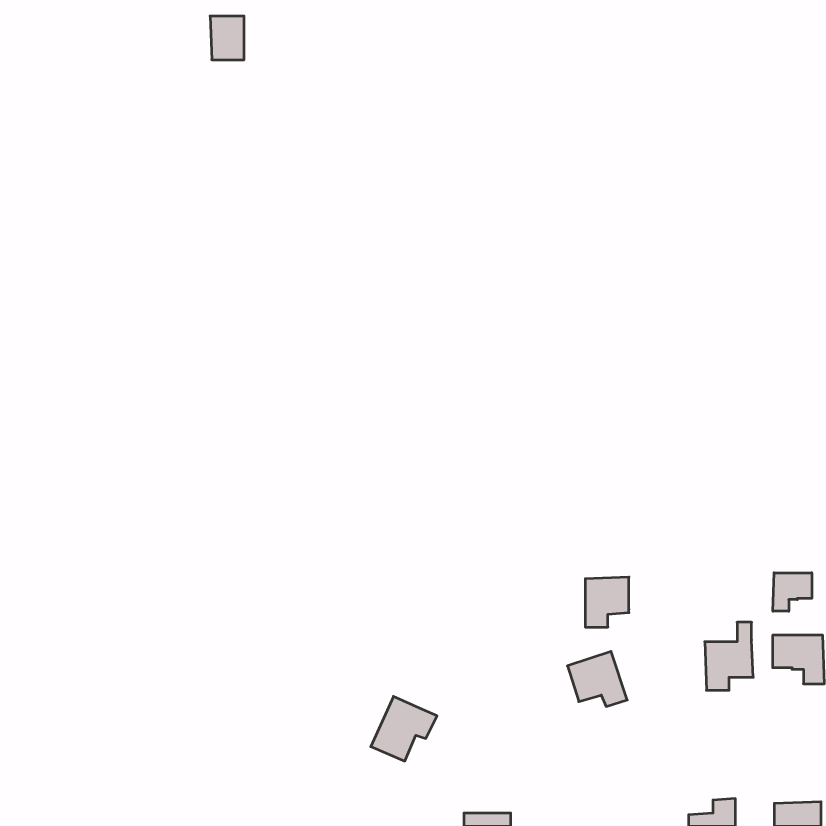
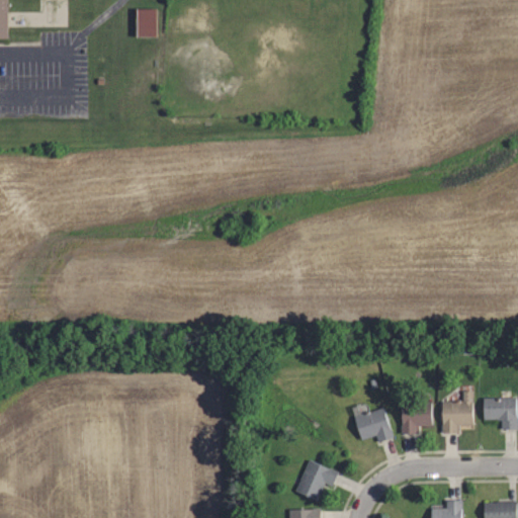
building: [773,573,812,611] -> none
building: [585,577,629,627] -> [403,402,430,433]
building: [371,696,437,761] -> [296,459,338,500]

